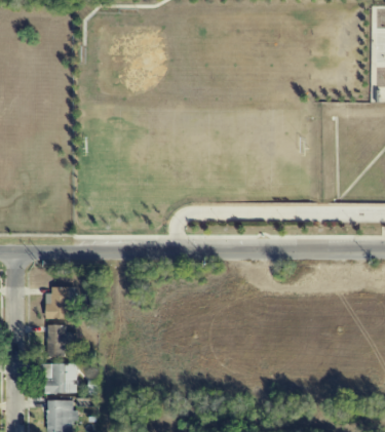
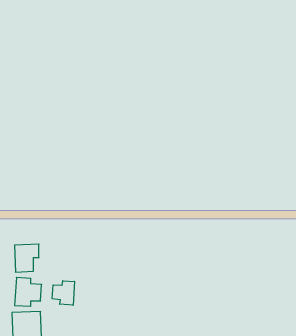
building: none -> [52,281,74,305]

